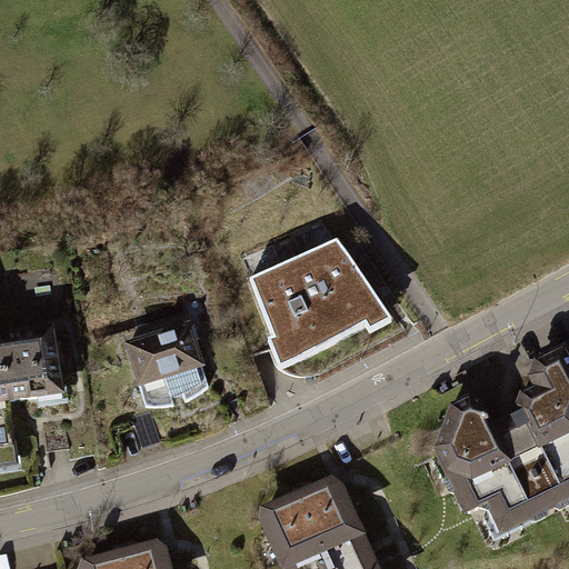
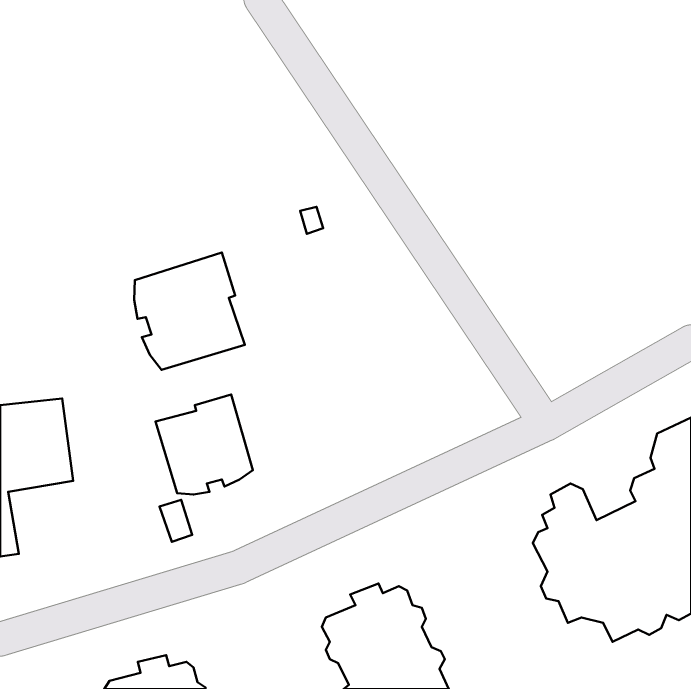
building: none -> [134,253,245,370]
building: [247,242,370,361] -> none

